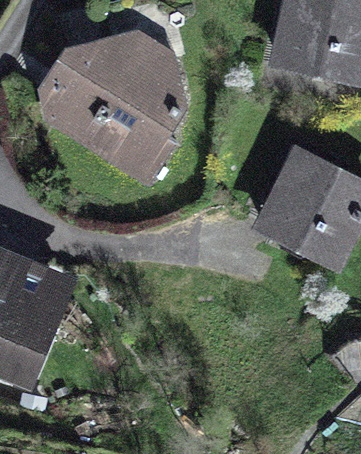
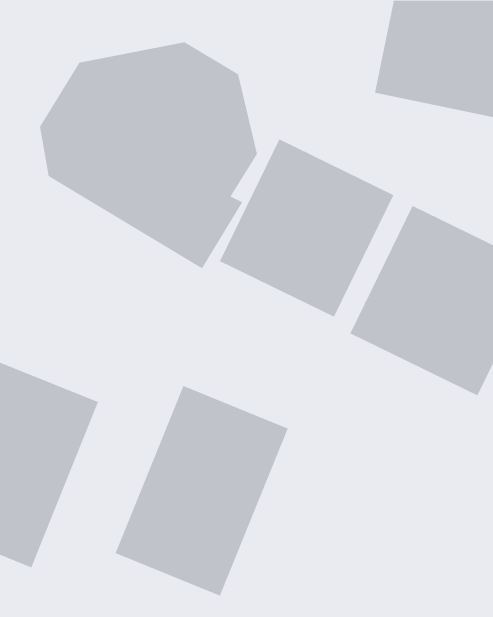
building: none -> [219,139,394,318]
building: none -> [115,385,289,596]

